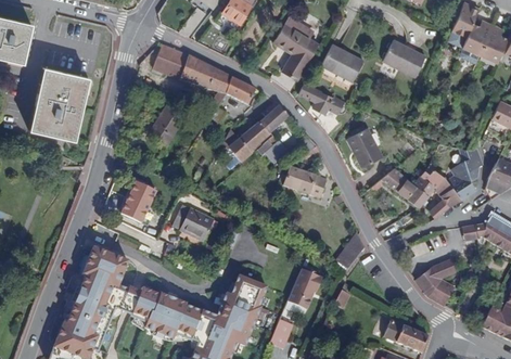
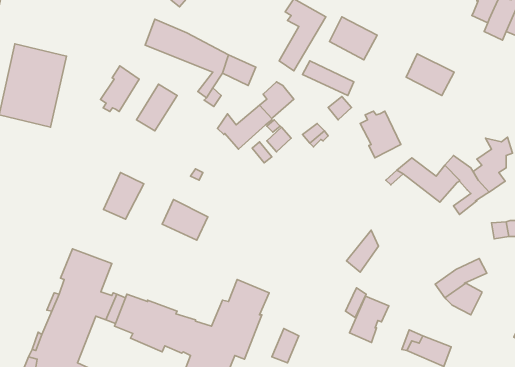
building: [383,39,425,76] -> [406,54,454,96]
building: none -> [101,66,139,111]
building: [280,167,327,197] -> none
building: [289,269,323,310] -> [349,296,389,343]

